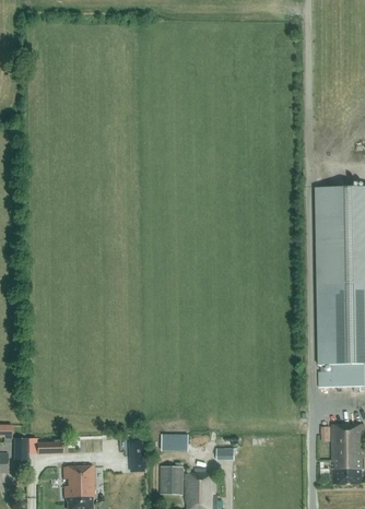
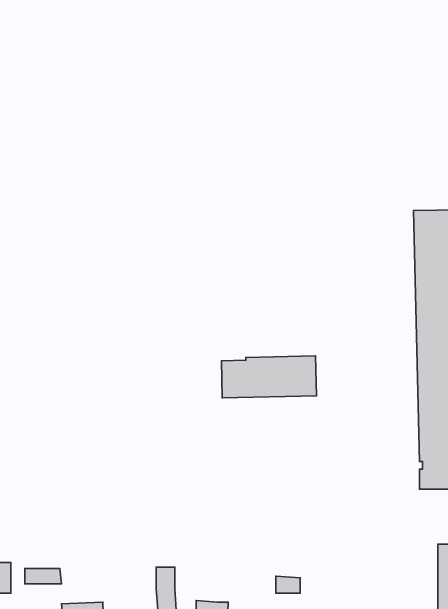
building: none -> [221,356,316,398]
building: [162,434,188,450] -> none

